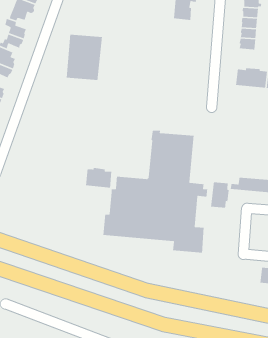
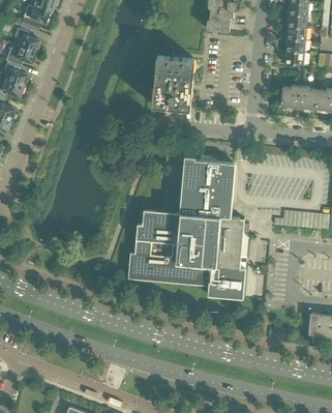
building: [66,34,103,81] -> [153,55,195,109]
building: [85,167,112,188] -> none
building: [210,182,230,209] -> none

